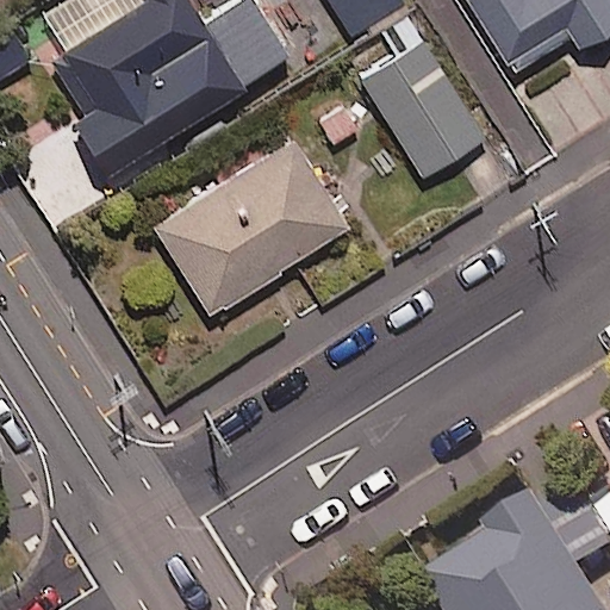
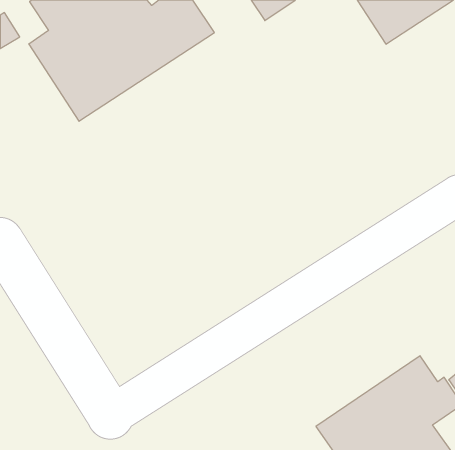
building: [361,39,484,176] -> none
building: [154,136,348,315] -> none

